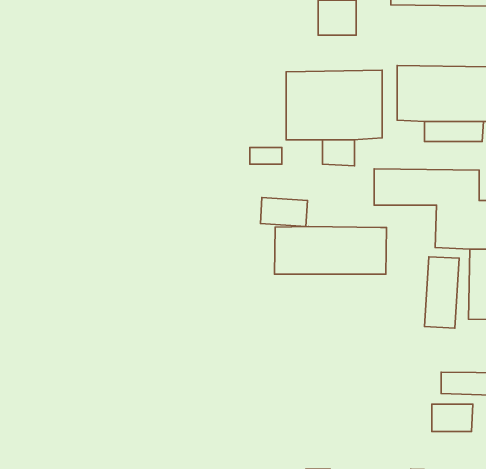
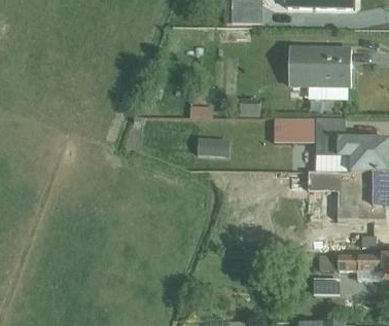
building: [286,70,382,140] -> none
building: [274,226,386,274] -> none

